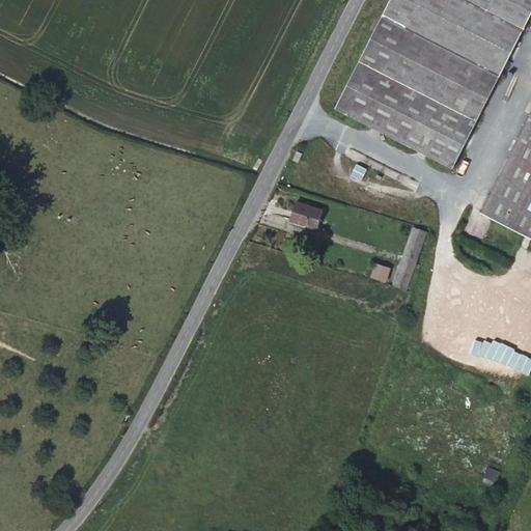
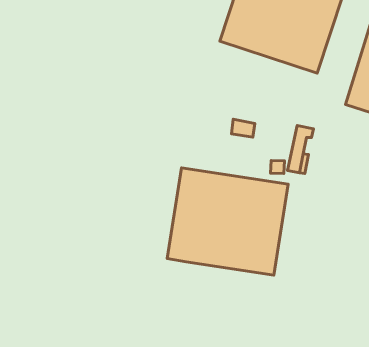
building: [291,202,323,228] -> [231,119,255,137]
building: none -> [167,168,288,275]

